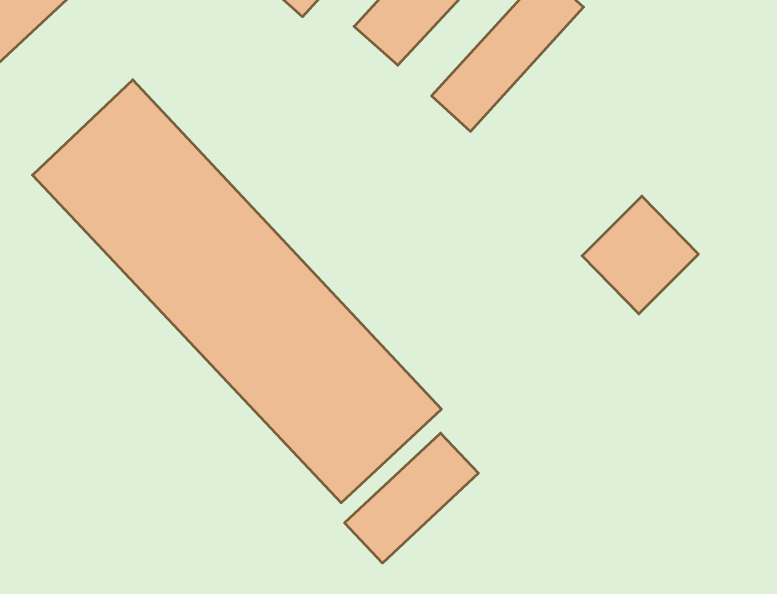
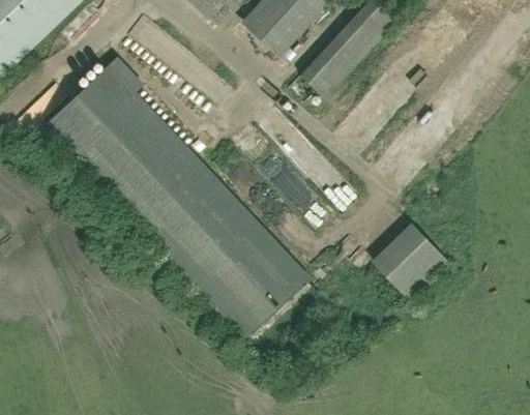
building: [582,196,698,314] -> [373,223,447,298]
building: [345,433,478,563] -> none

